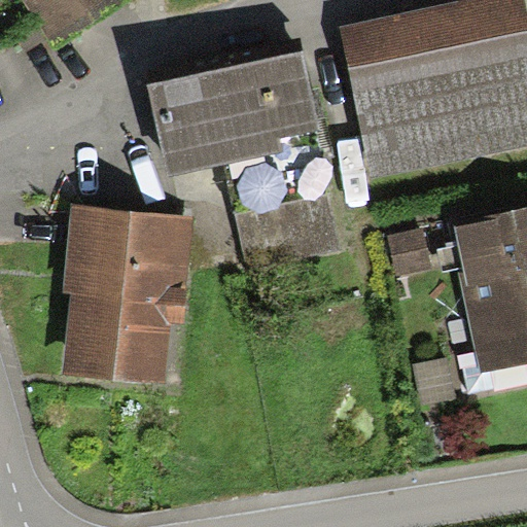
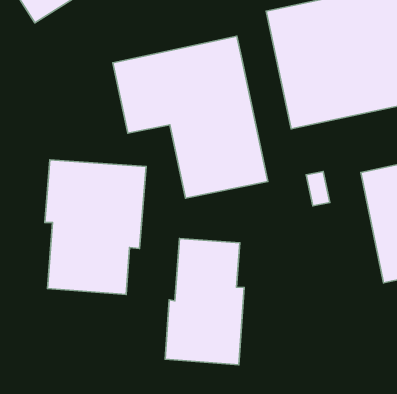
building: none -> [165,238,244,365]

